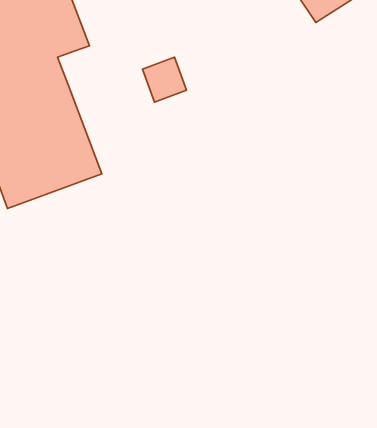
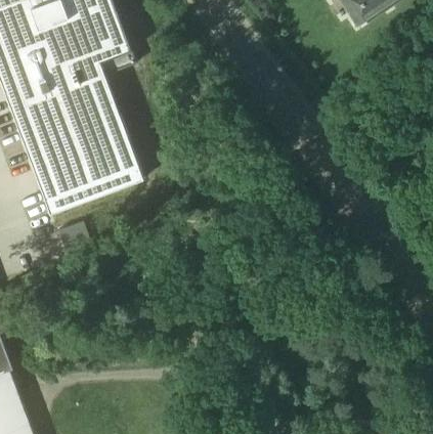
building: [142,57,186,102] -> none

